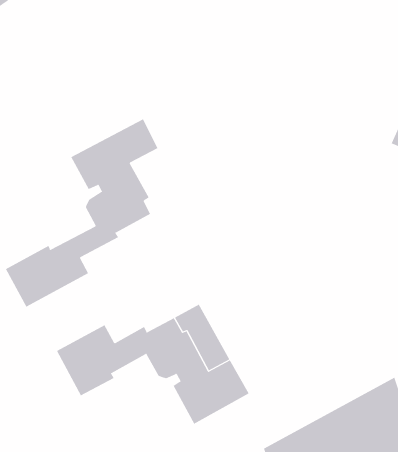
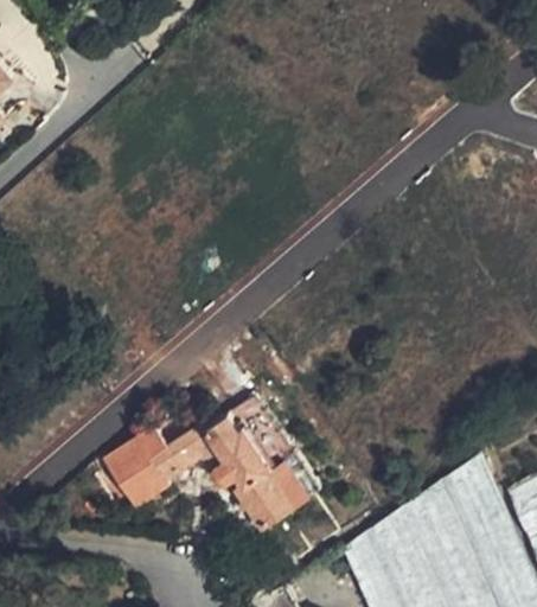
building: [5,119,158,308] -> none

